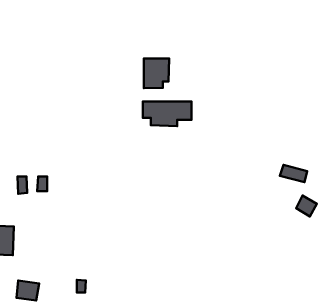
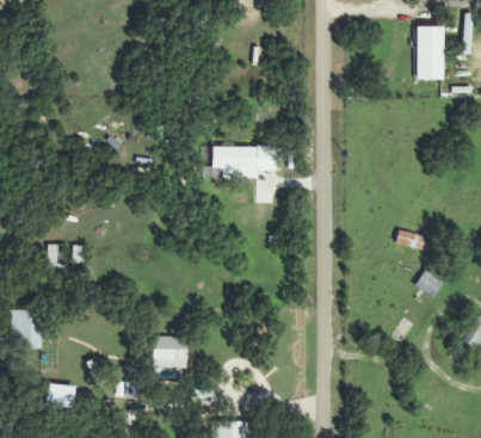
building: none -> [415,27,443,80]
building: [144,59,169,88] -> none
building: none -> [153,337,187,369]

